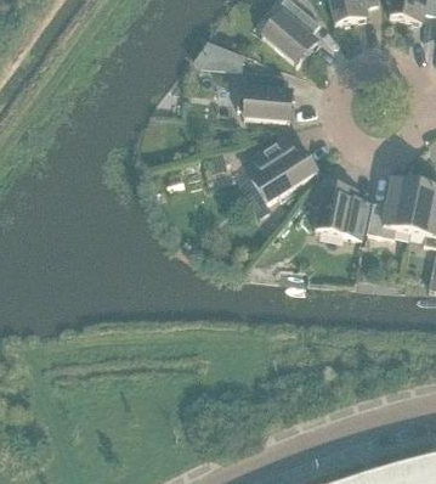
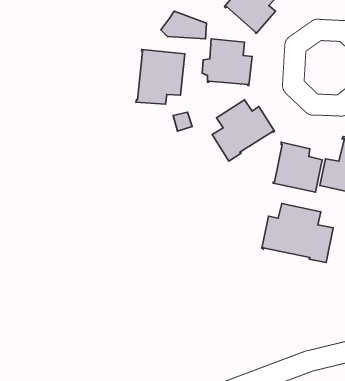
building: none -> [136,50,185,104]
building: none -> [262,203,333,263]

